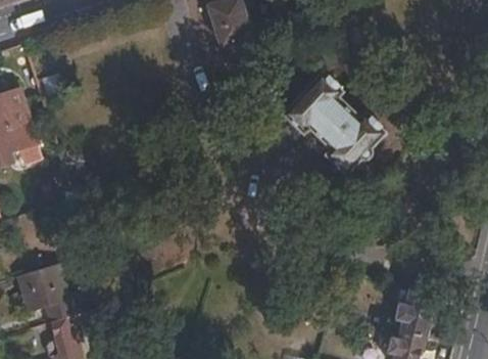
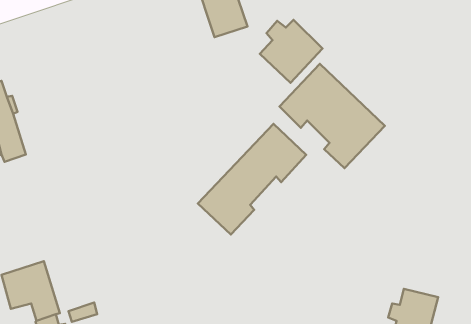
building: none -> [260,20,322,83]
building: none -> [198,124,306,235]

